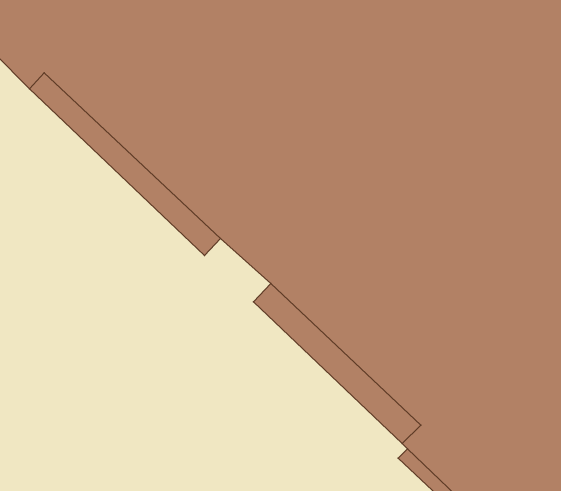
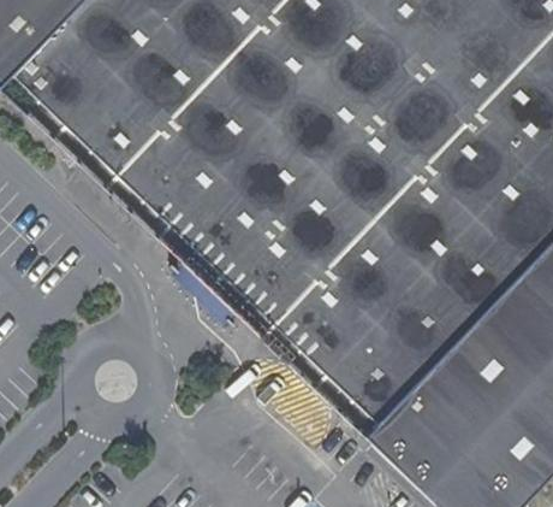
building: none -> [191,237,257,302]

